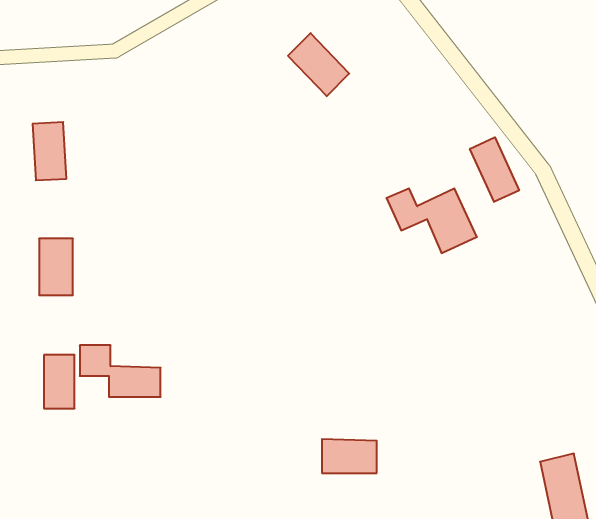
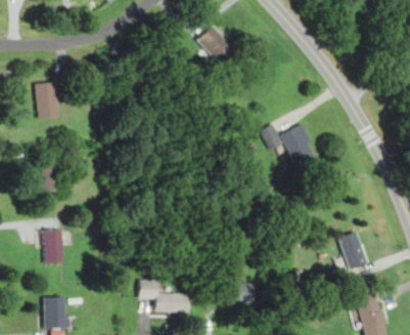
building: [470,137,519,202] -> none
building: [80,345,161,397] -> [138,280,189,312]
building: none -> [338,232,367,269]
building: none -> [44,298,65,329]

